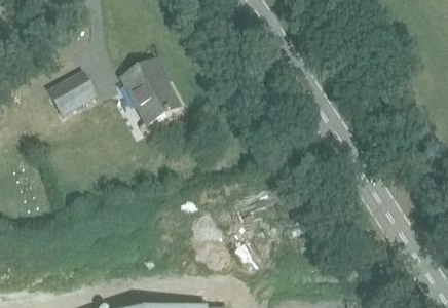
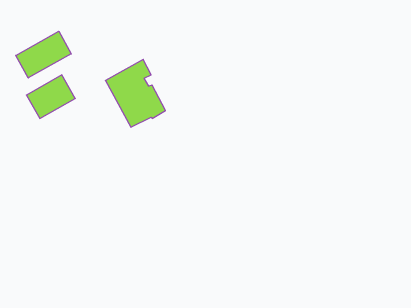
building: none -> [16,31,71,78]

